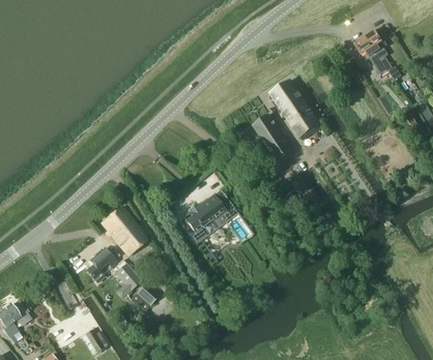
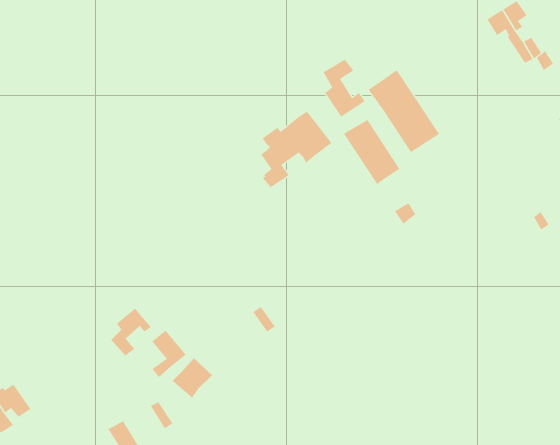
building: none -> [323,59,365,118]
building: [186,189,237,244] -> [260,111,332,188]
building: [99,205,148,256] -> none

